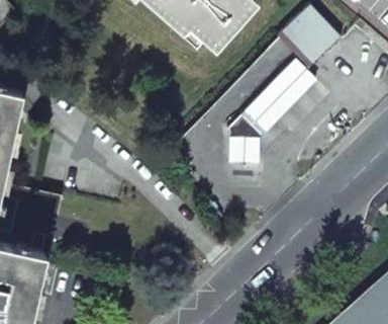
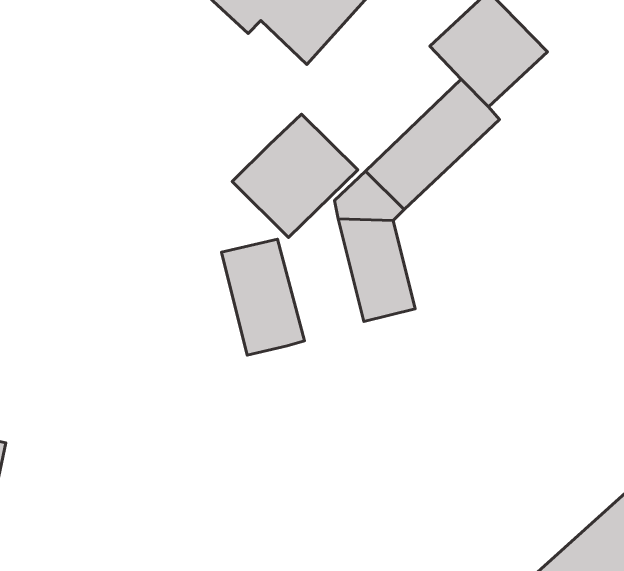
building: none -> [232,114,358,237]
building: none -> [222,239,304,355]

